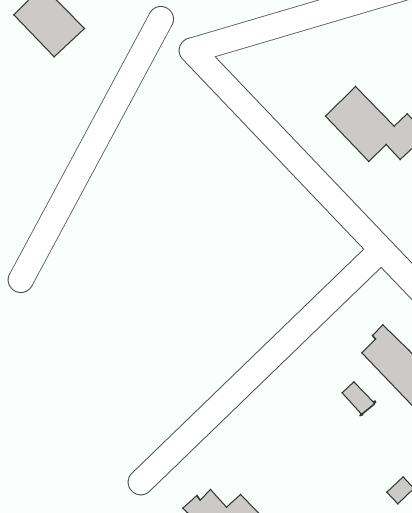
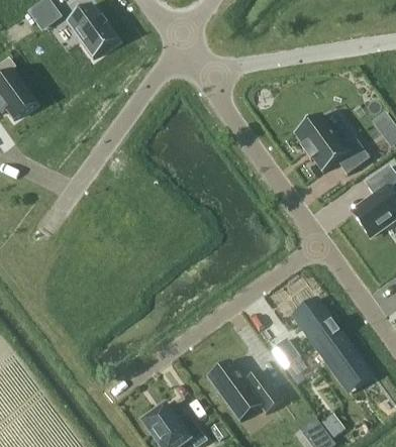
building: none -> [207,358,284,421]

